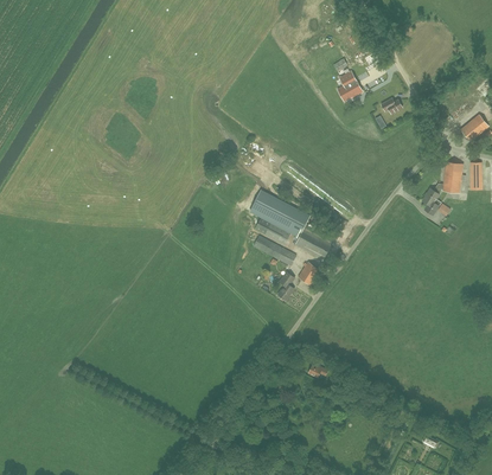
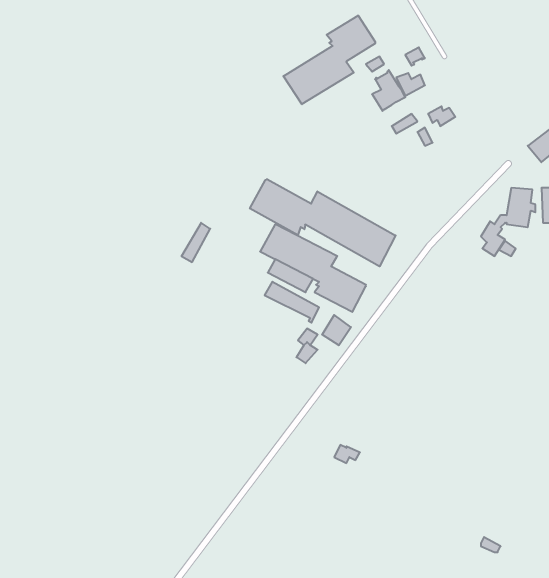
building: none -> [283,15,375,104]
building: none -> [250,179,396,266]

